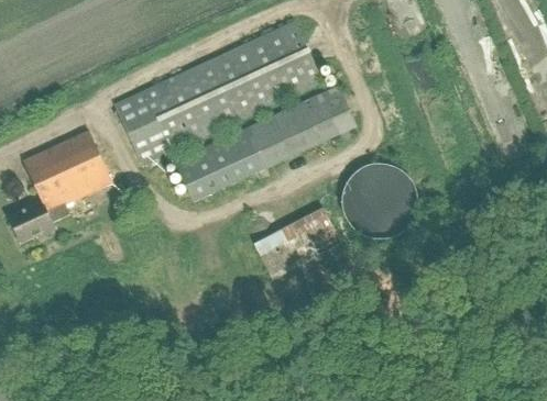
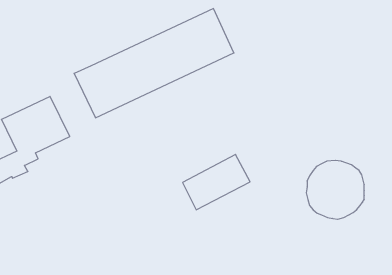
building: [174,85,357,200] -> none
building: [342,164,417,240] -> [306,160,364,219]

